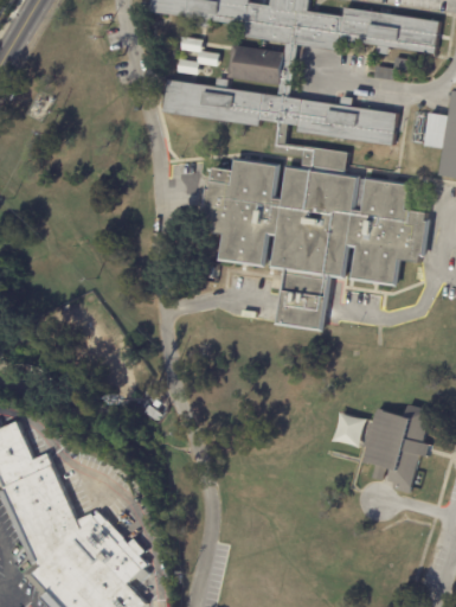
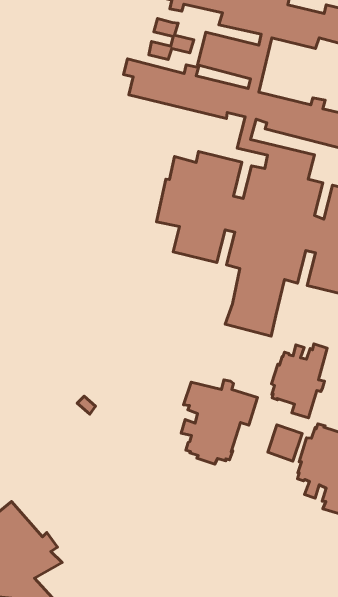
building: none -> [271,344,327,418]
building: none -> [181,380,258,464]

